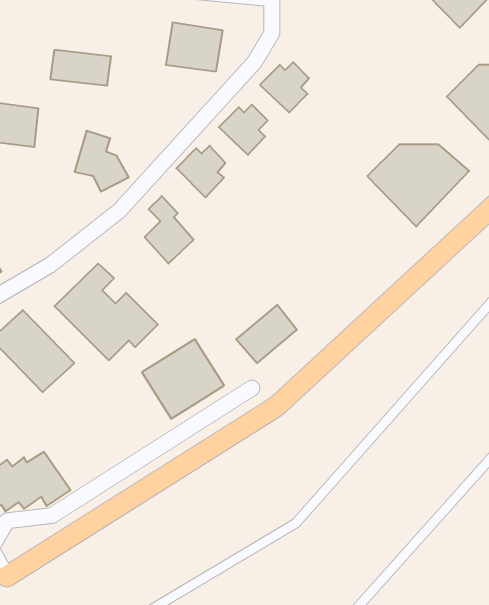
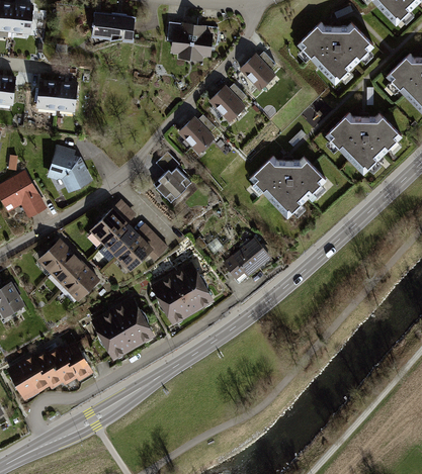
building: none -> [296,20,373,84]
building: [50,50,111,86] -> [91,10,138,37]
building: [74,131,129,192] -> [49,144,90,190]
building: none -> [251,155,329,218]
building: none -> [92,295,155,357]

